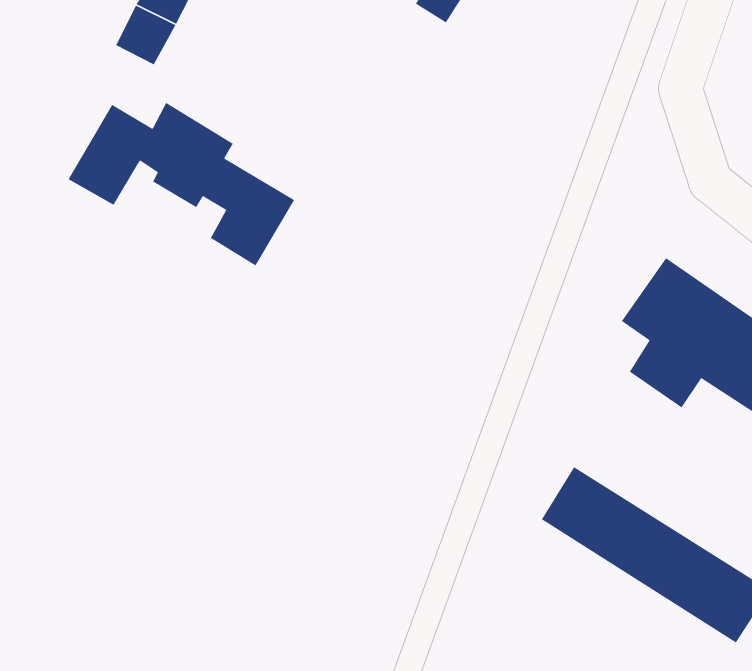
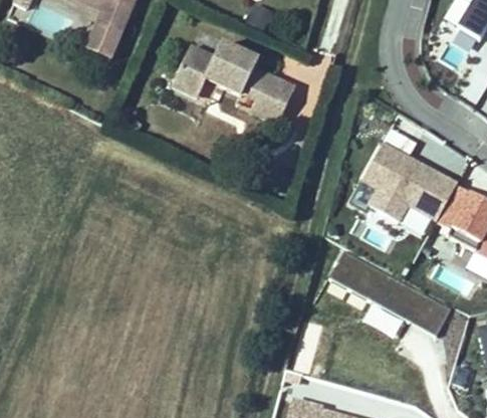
building: [68,102,295,266] -> [176,41,295,124]

